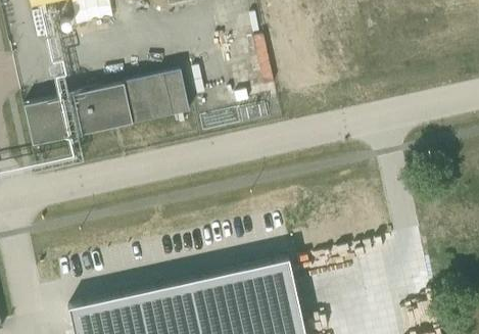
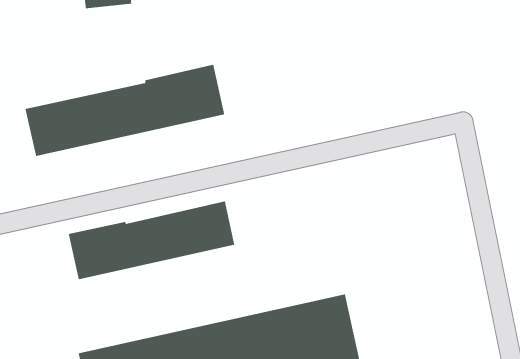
building: none -> [68,201,235,280]

